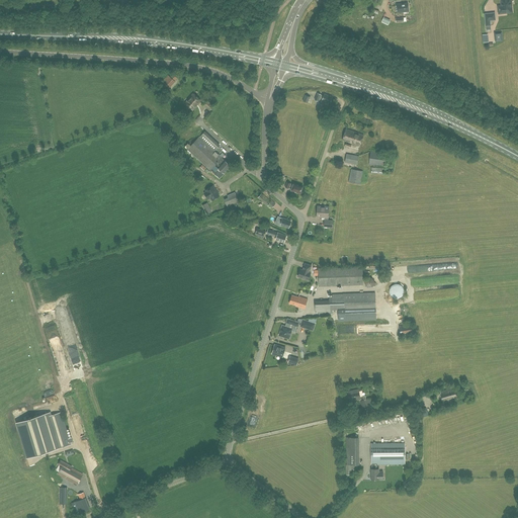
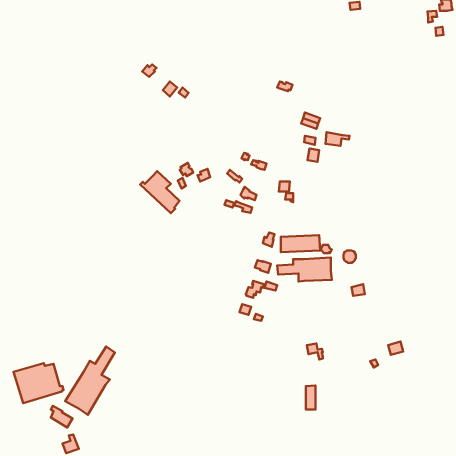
building: [184,131,229,178] -> [140,171,180,213]
building: none -> [65,347,115,415]
building: [370,442,404,480] -> none

